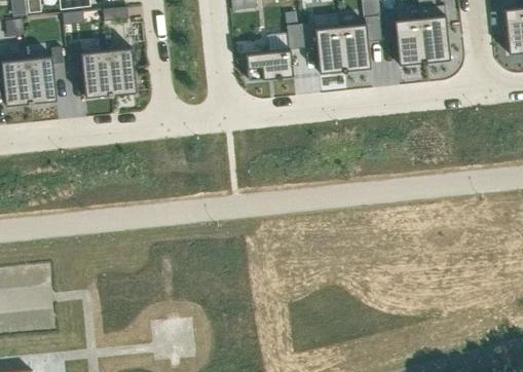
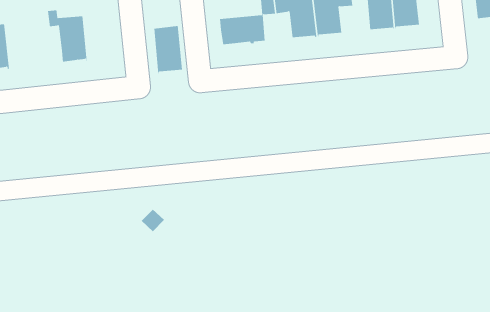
building: [27,45,63,104] -> none
building: [107,46,137,96] -> [153,26,183,74]

